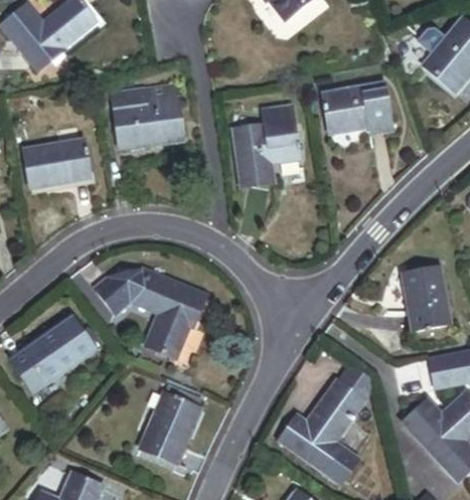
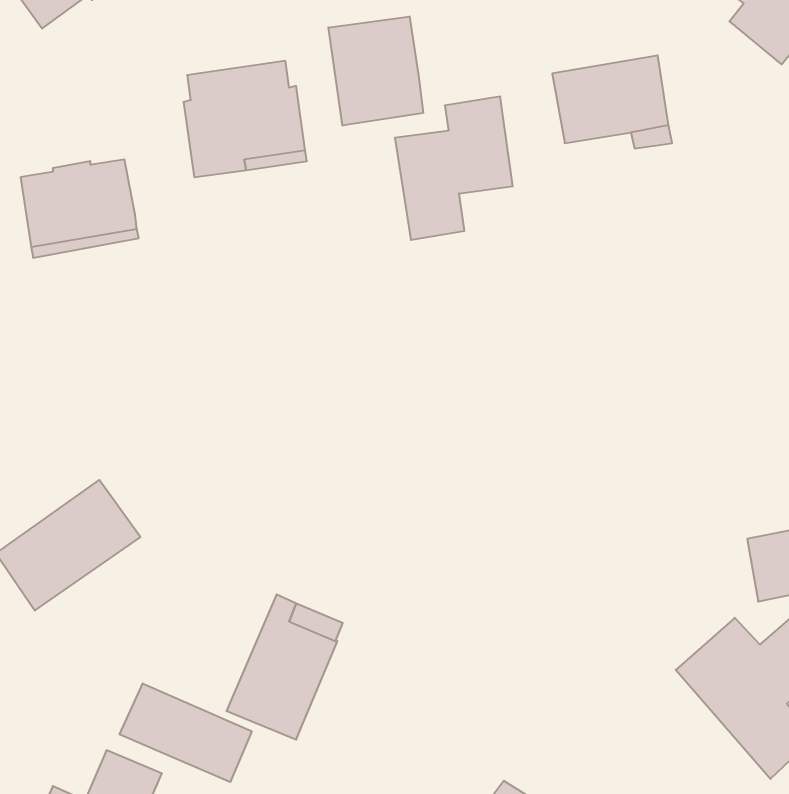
building: none -> [328,16,423,126]
building: [403,264,450,329] -> none
building: [92,271,206,362] -> none
building: [275,361,375,481] -> none
building: none -> [120,683,252,782]

